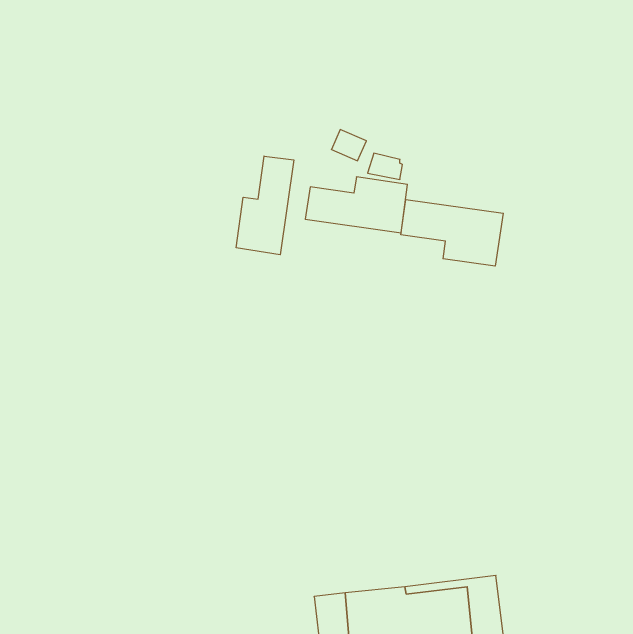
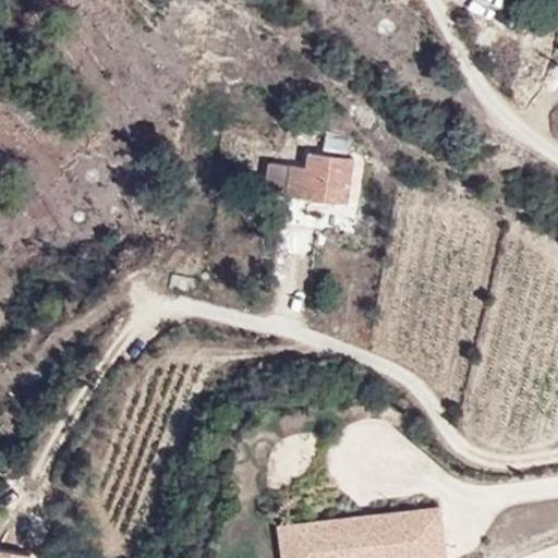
building: [236,156,294,255] -> none
building: [401,199,503,266] -> none

